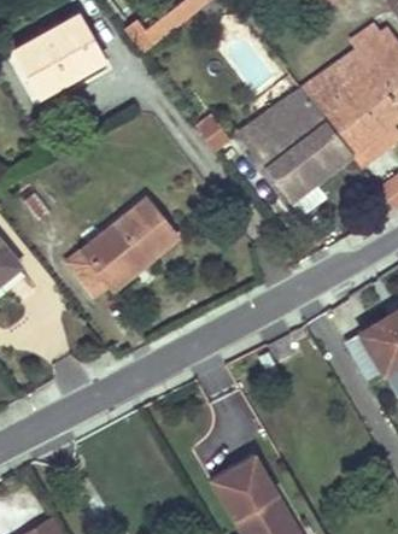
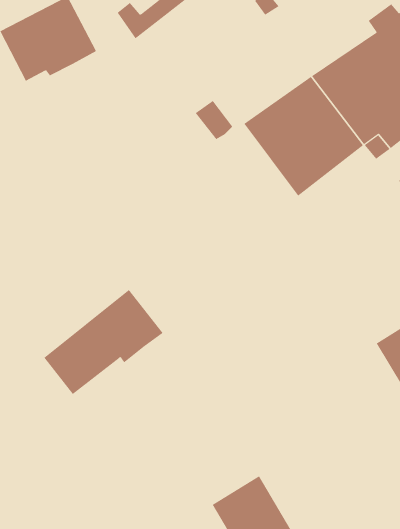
building: [66,198,176,294] -> [43,289,164,395]

